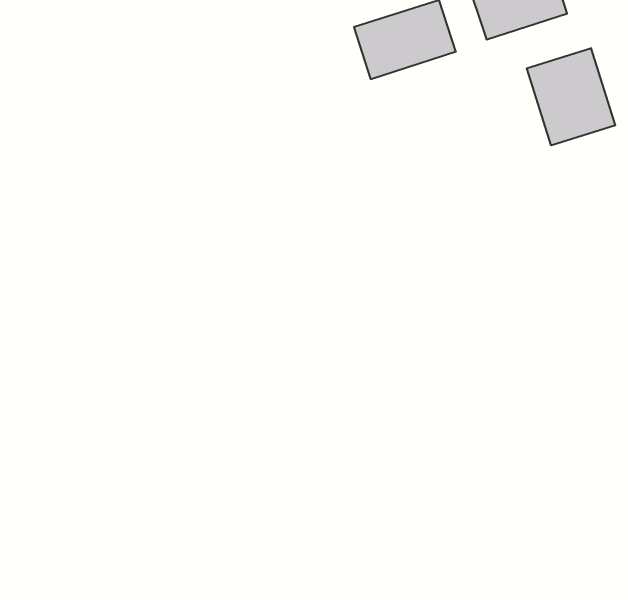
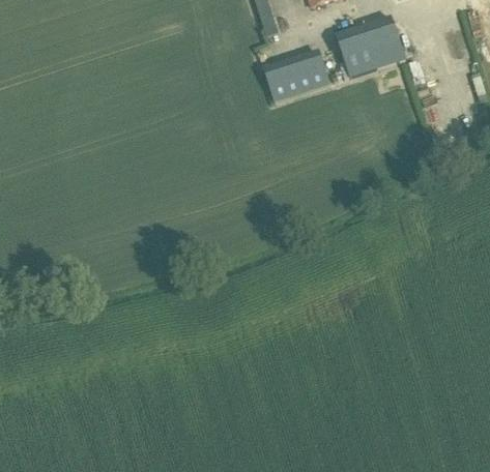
building: [527,48,615,145] -> none

